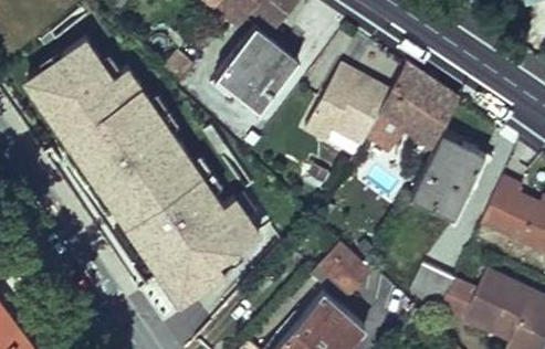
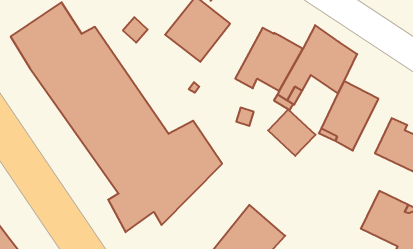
building: [313,242,373,300] -> [268,109,316,156]
building: [411,265,454,316] -> none

